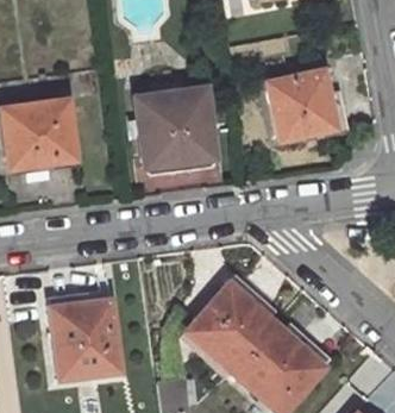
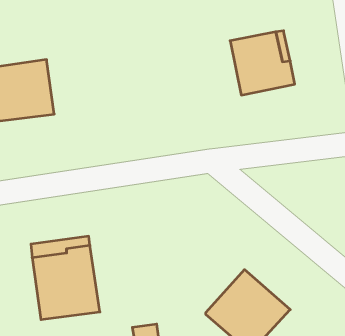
building: [131,87,213,165] -> none
building: [189,282,277,371] -> none

